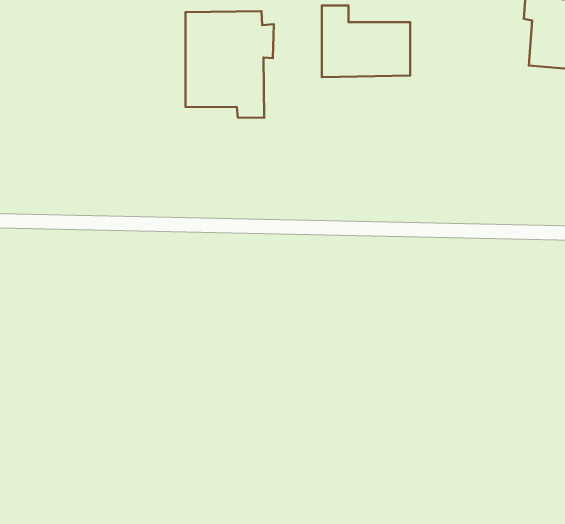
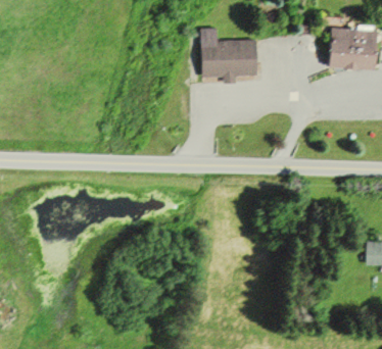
building: [186,11,274,118] -> none

